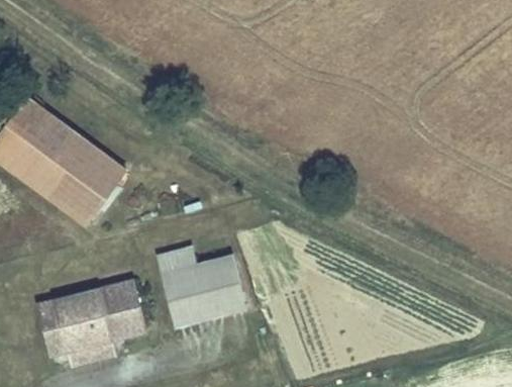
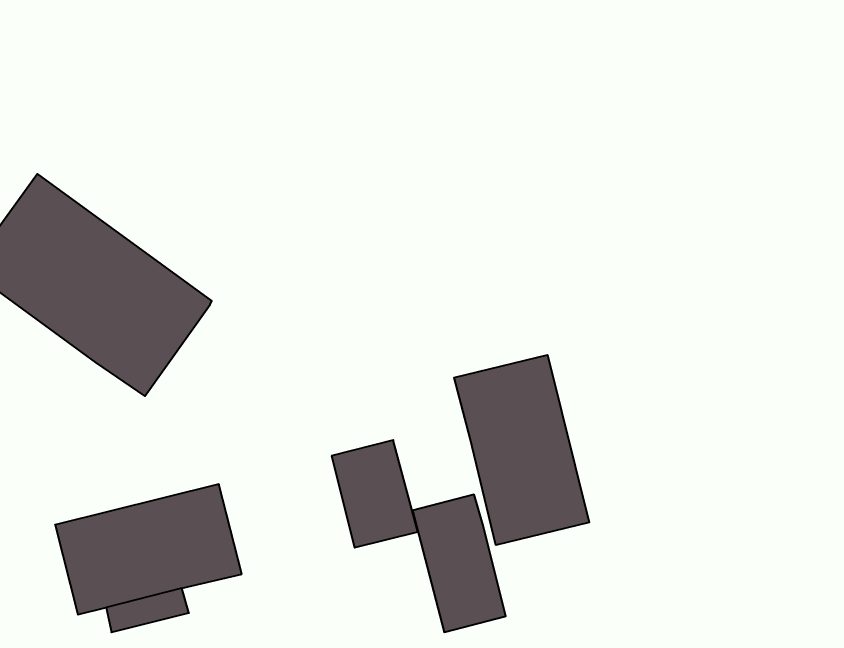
building: none -> [454,355,589,545]
building: [156,246,209,324] -> [412,495,506,632]

